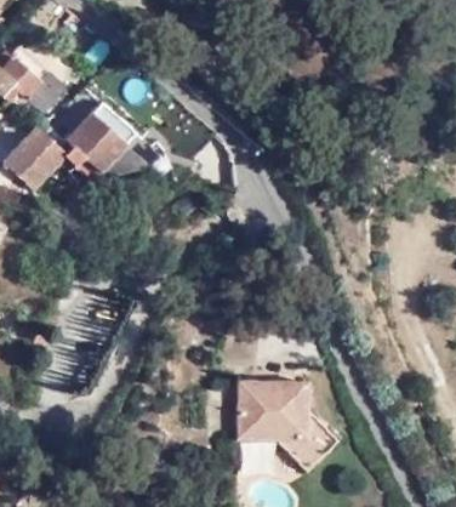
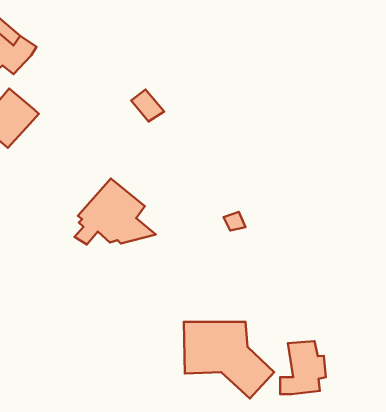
building: [62,102,152,175] -> [75,179,156,245]
building: none -> [280,341,326,394]

